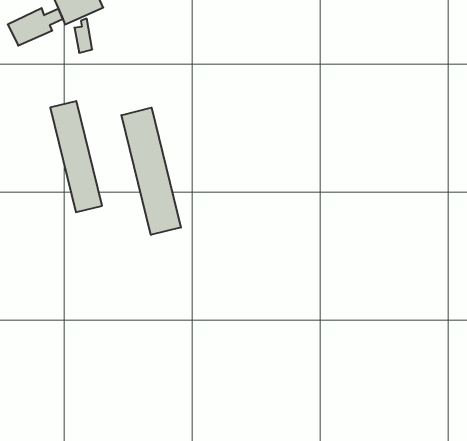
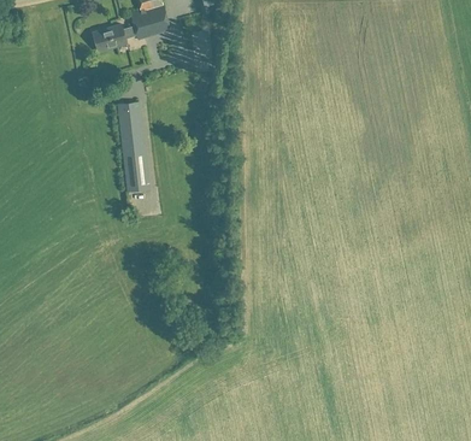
building: [121,108,181,235] -> none

